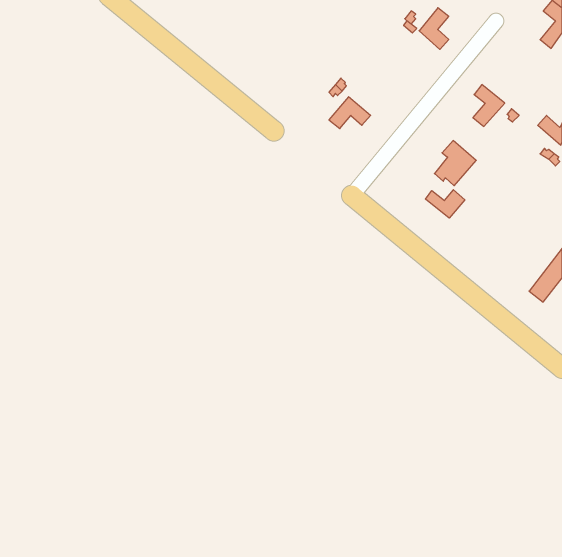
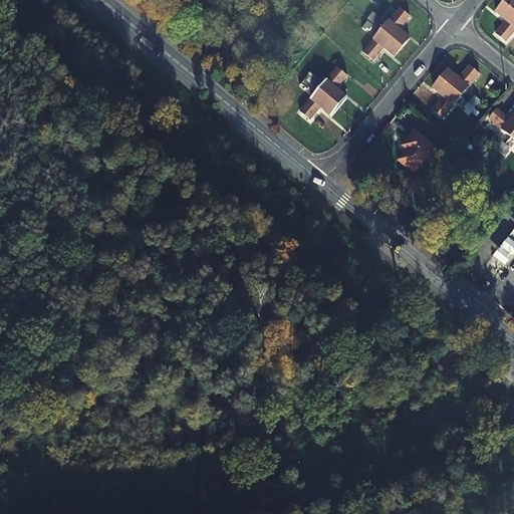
building: none -> [363,28,402,58]
building: none -> [440,55,485,94]
building: none -> [318,64,349,105]
building: [425,190,465,218] -> none

